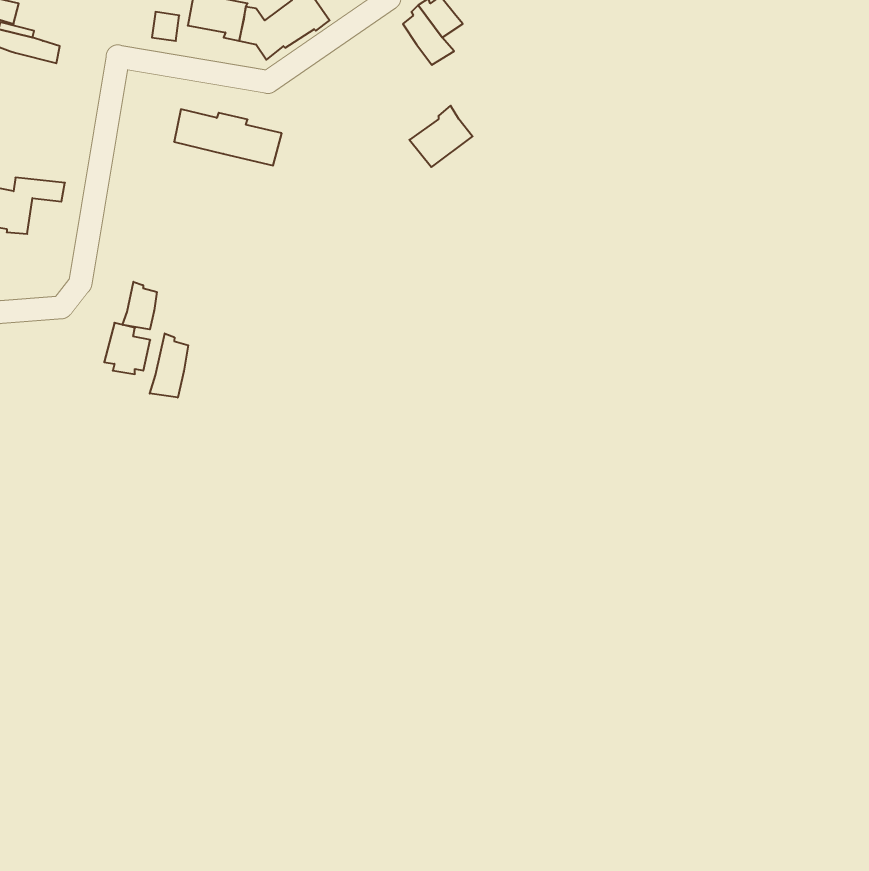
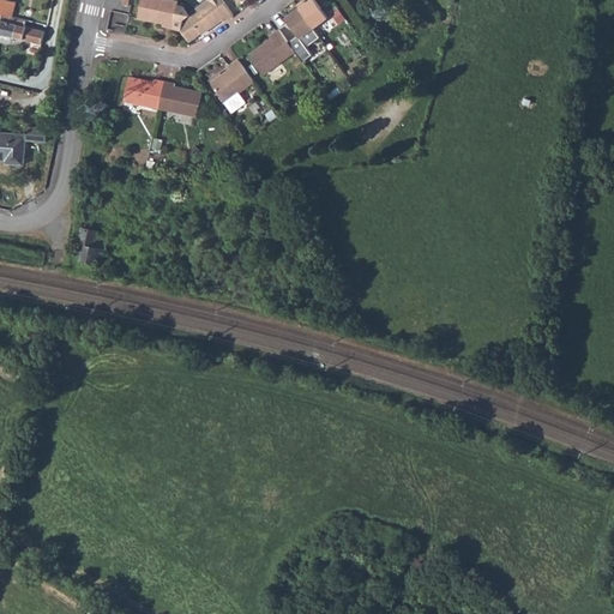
building: none -> [211,58,254,109]
building: [409,106,473,167] -> [248,29,293,72]
building: [123,282,157,329] -> none
building: [150,333,188,398] -> none

